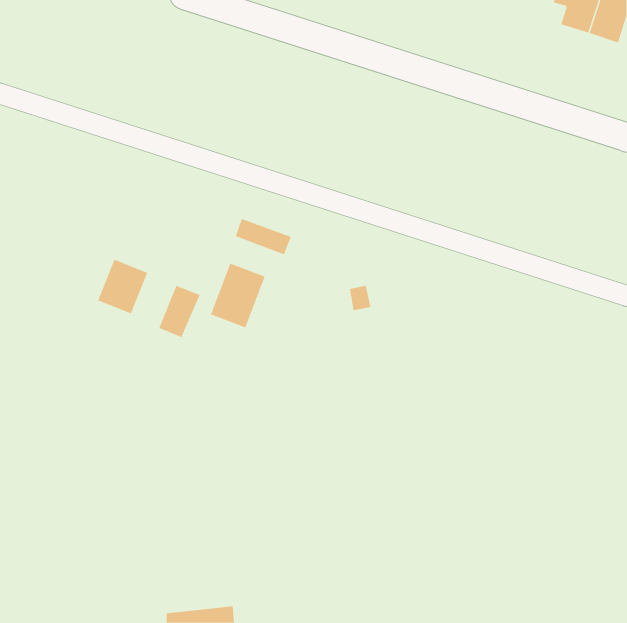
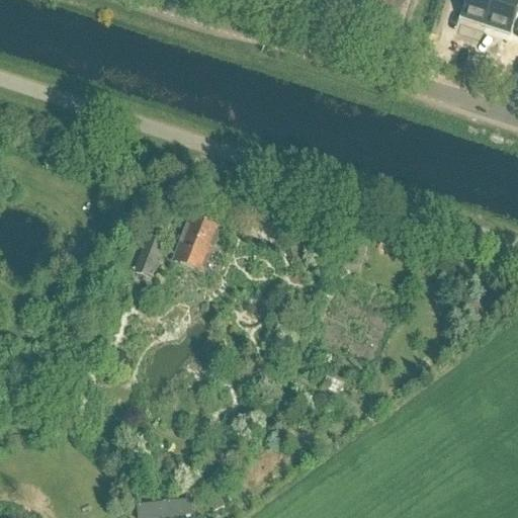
building: [235,218,291,255] -> none
building: [97,259,148,314] -> none

